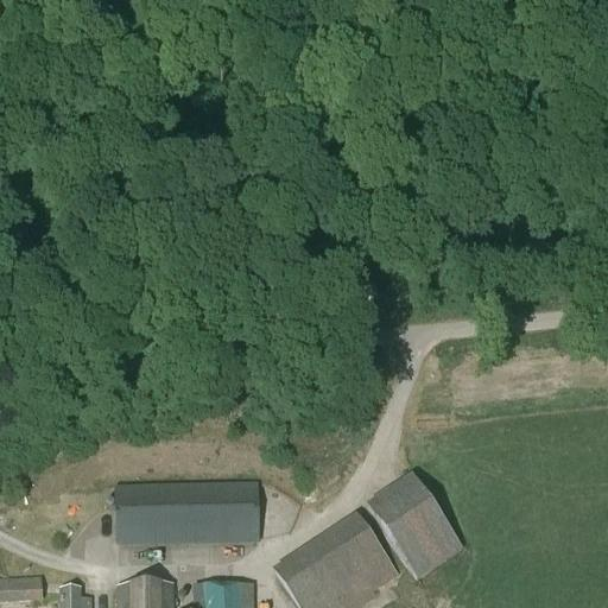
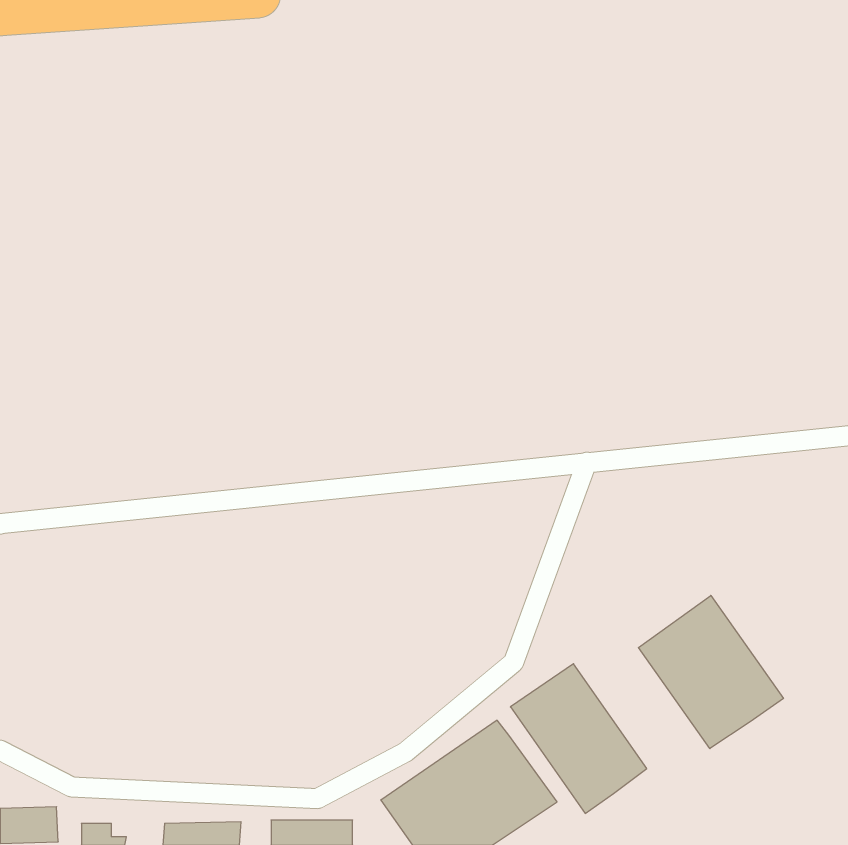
building: none -> [638,595,783,749]
building: [116,482,260,544] -> none

